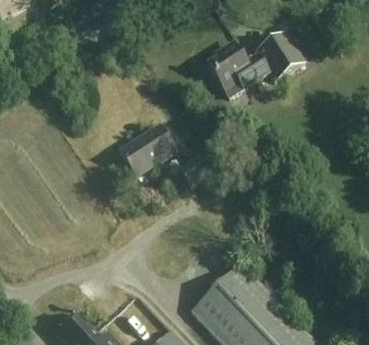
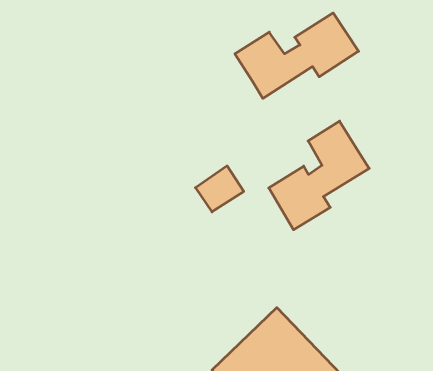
building: none -> [269,121,369,230]
building: [118,125,174,176] -> none

